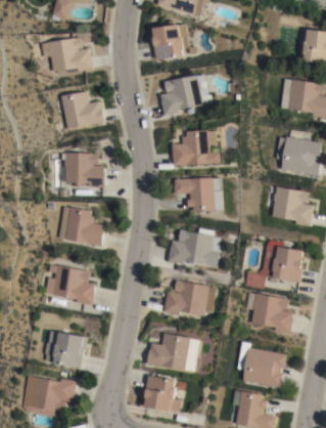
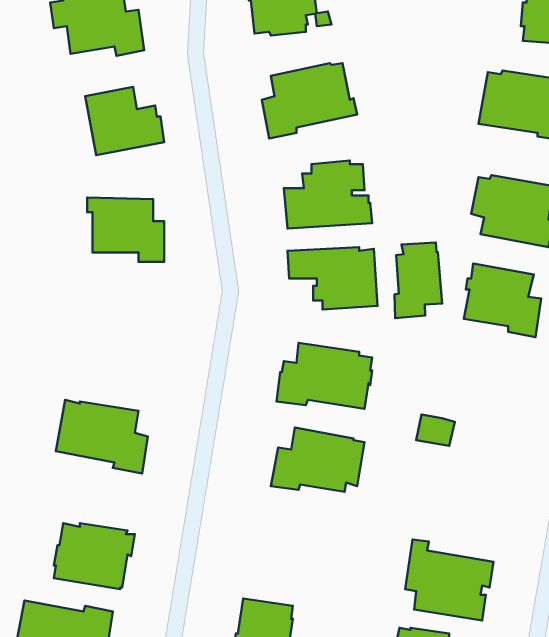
building: none -> [394,242,442,318]
building: [58,205,105,245] -> none
building: [272,246,305,283] -> none
building: [245,292,293,333] -> none
building: [147,332,199,371] -> none

